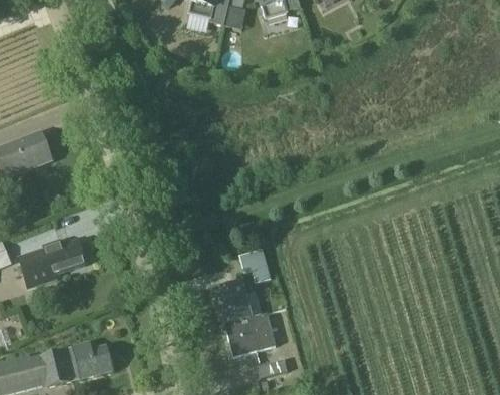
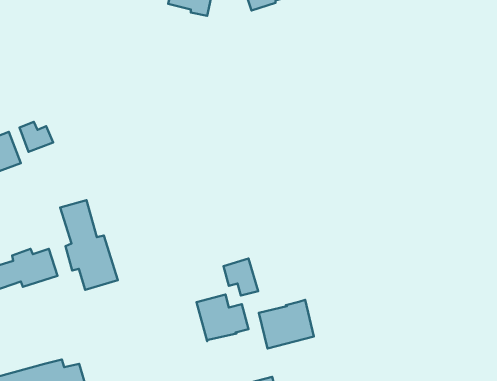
building: none -> [19,122,53,152]
building: none -> [60,200,118,290]
building: [224,311,276,356] -> [259,300,314,349]

